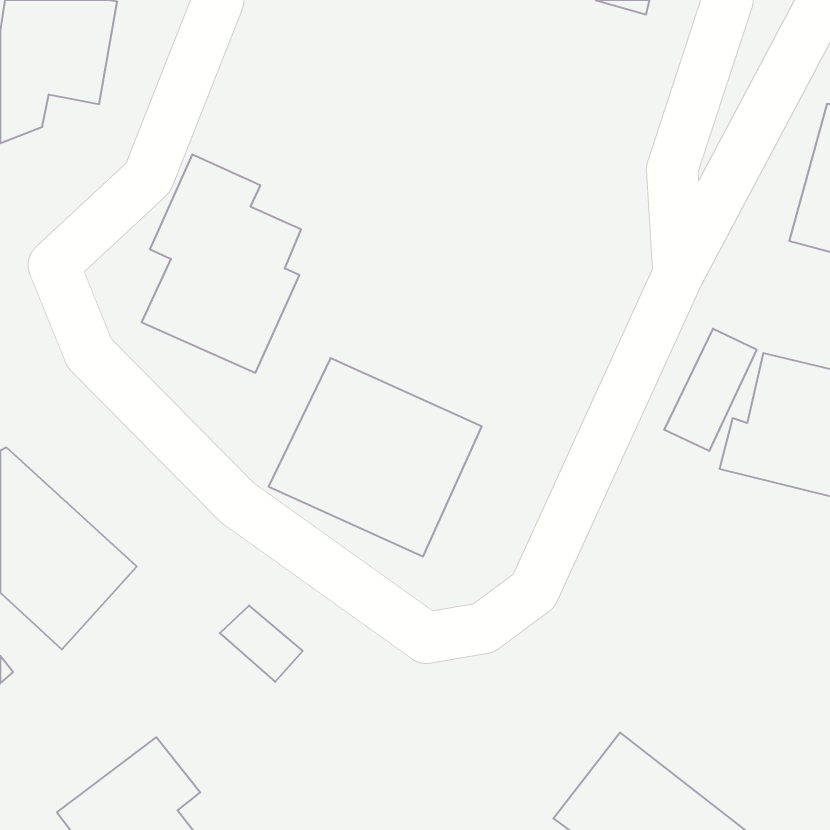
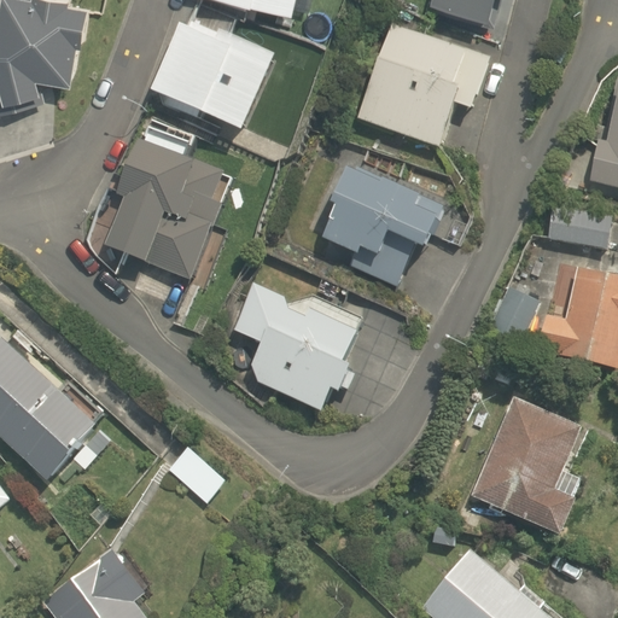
building: none -> [144,12,275,132]
building: none -> [356,24,490,148]
building: none -> [313,163,443,292]
building: none -> [542,209,611,250]
building: none -> [467,398,581,540]

